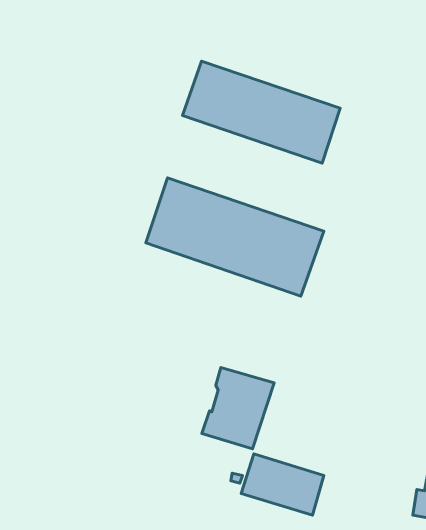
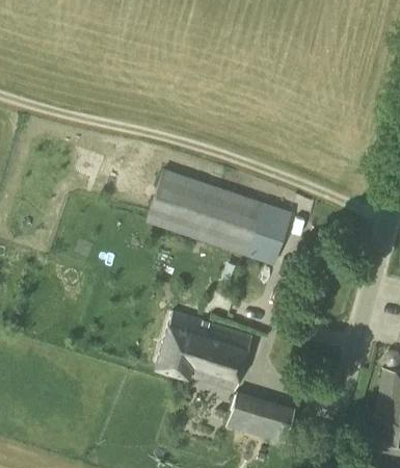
building: [183,61,340,163] -> none
building: none -> [157,312,209,378]

